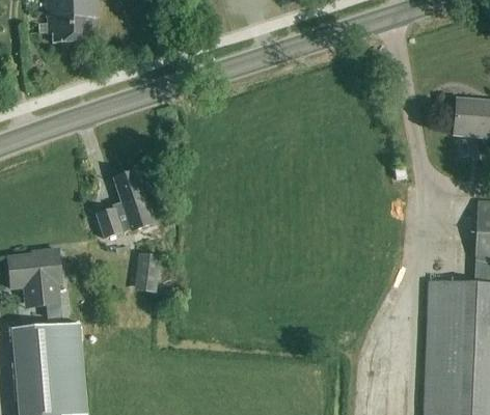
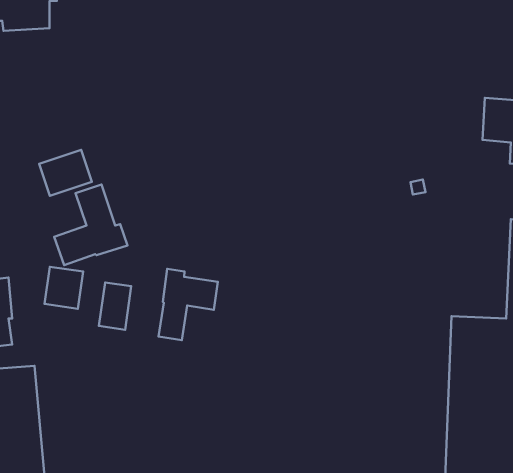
building: none -> [39,150,92,196]
building: none -> [44,267,83,309]
building: none -> [158,269,218,340]

